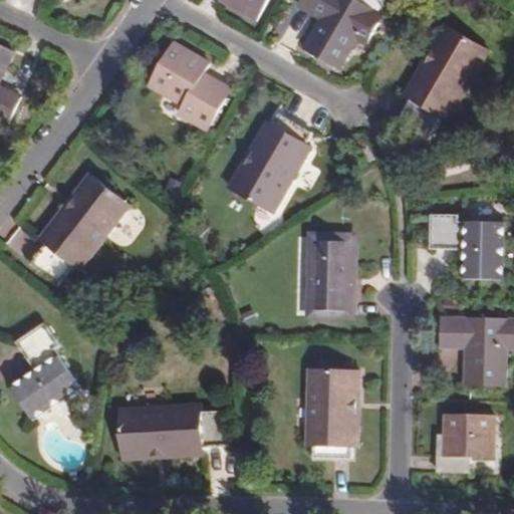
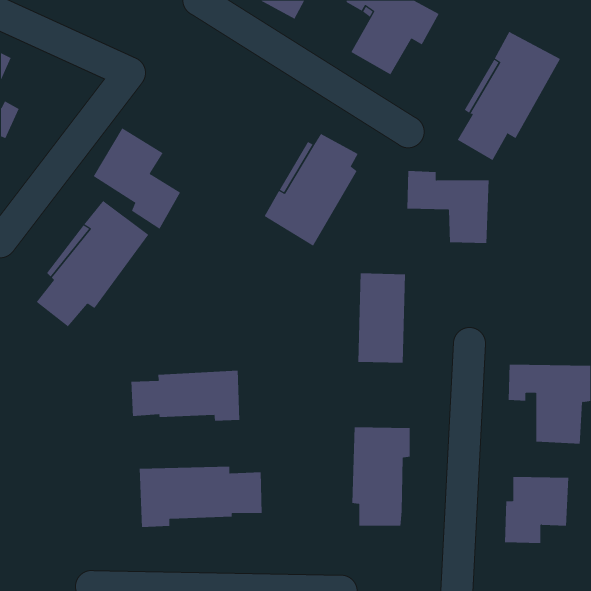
building: [147,42,223,131] -> [93,128,181,229]
building: [432,214,504,277] -> [406,171,490,244]
building: none -> [131,370,240,422]
building: [12,321,78,417] -> none

